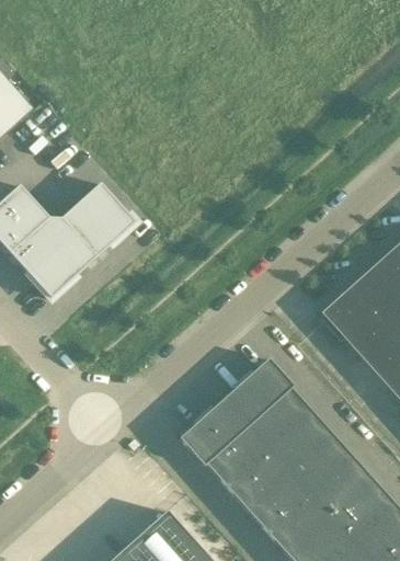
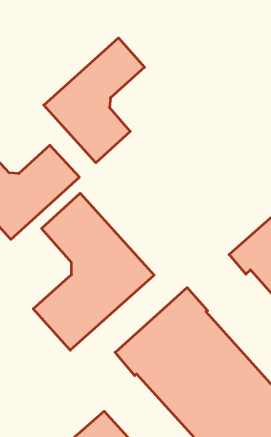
building: none -> [44,38,145,163]
building: none -> [33,193,154,350]

